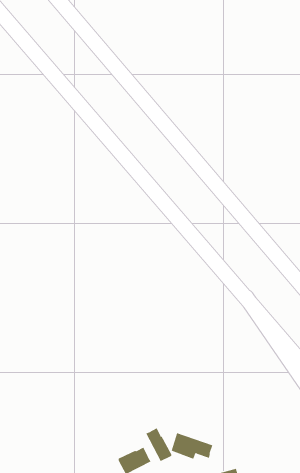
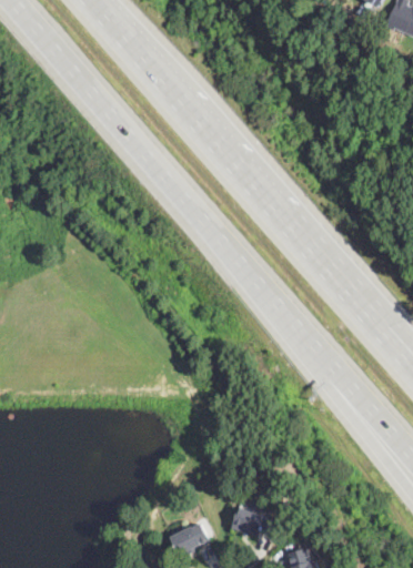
building: [146,428,172,462] -> none

